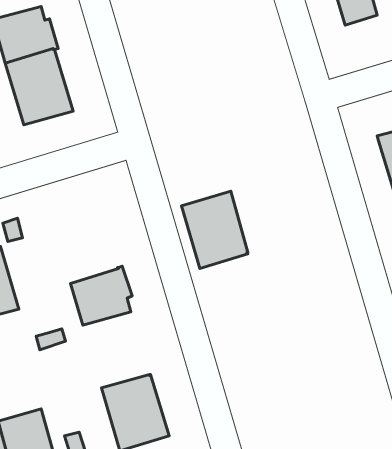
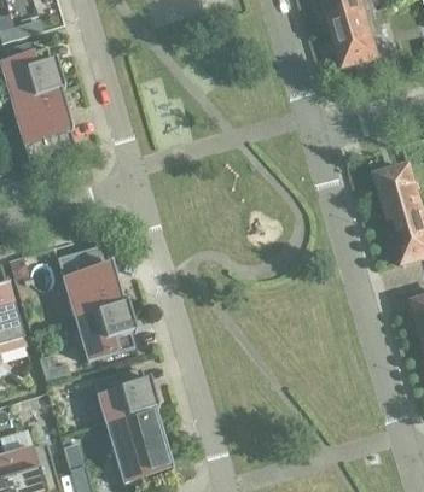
building: [182,191,248,269] -> [56,242,121,318]
building: none -> [92,365,156,421]

